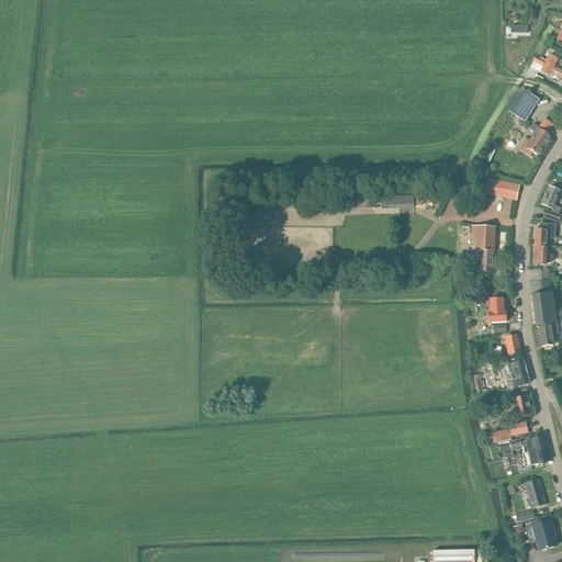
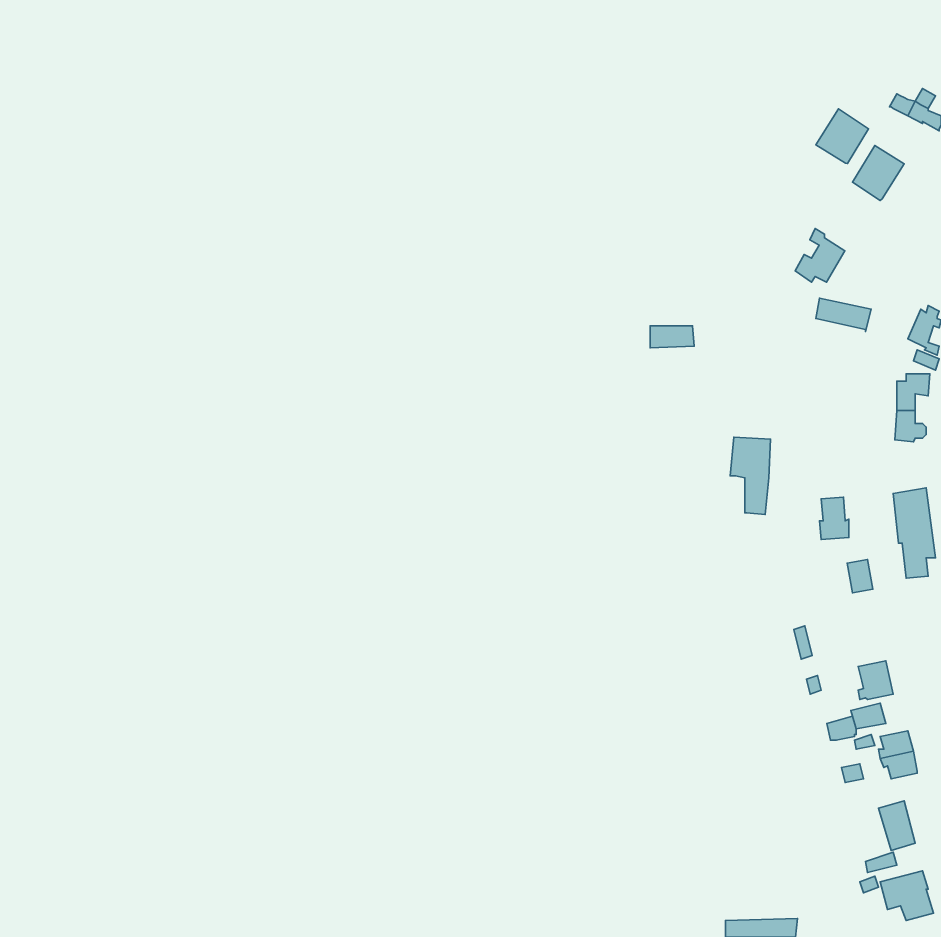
building: none -> [816,109,868,164]
building: [520,122,550,154] -> [795,229,845,282]
building: [471,225,495,271] -> [730,437,771,515]
building: [505,359,529,386] -> none

